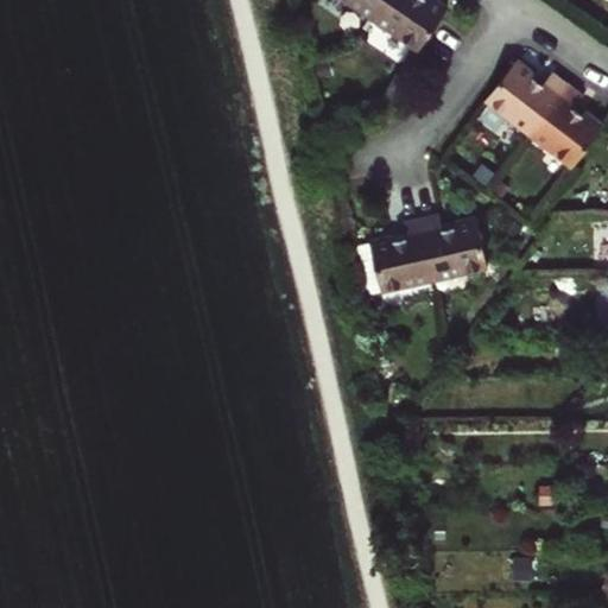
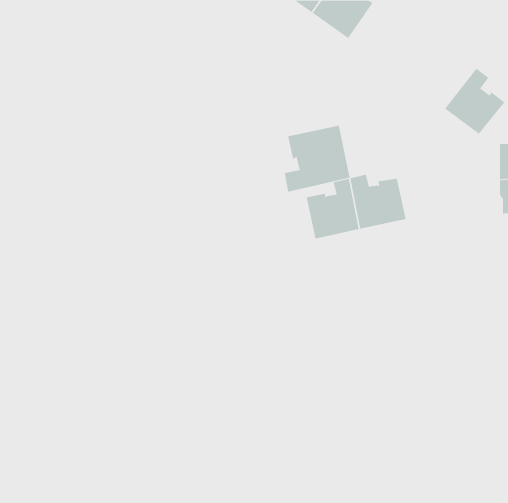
building: [487,64,569,137] -> none
building: none -> [284,125,350,193]

